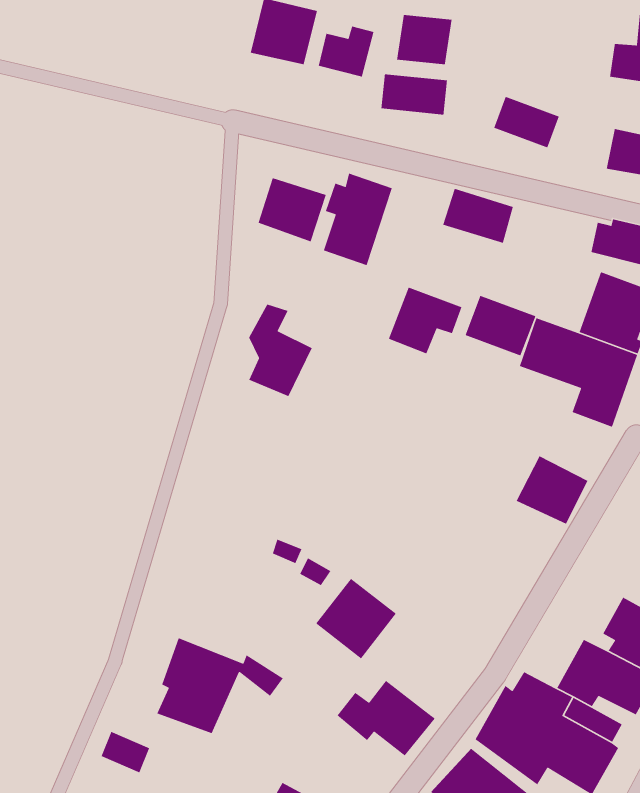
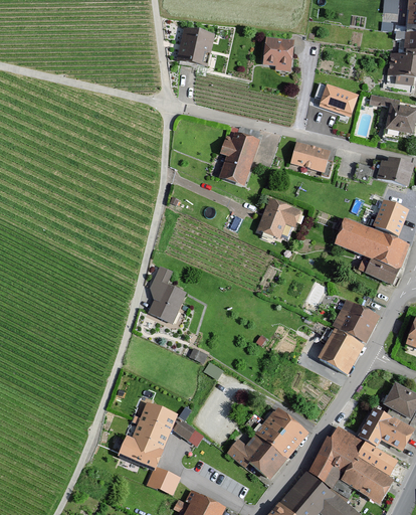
building: [318,26,375,77] -> none
building: [380,73,448,116] -> none
building: [257,177,327,243] -> none
building: [464,295,536,357] -> none
building: [248,304,313,397] -> [149,268,187,323]
building: none -> [311,317,363,372]
building: [315,578,397,659] -> [256,404,304,453]
building: [101,731,150,773] -> [148,464,177,489]

